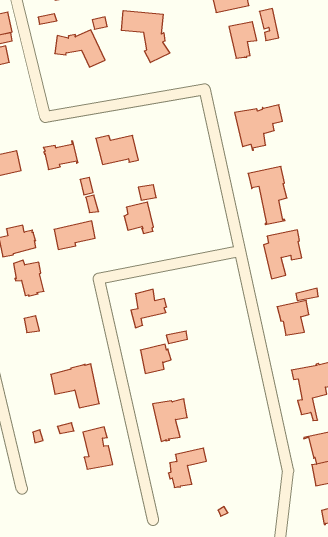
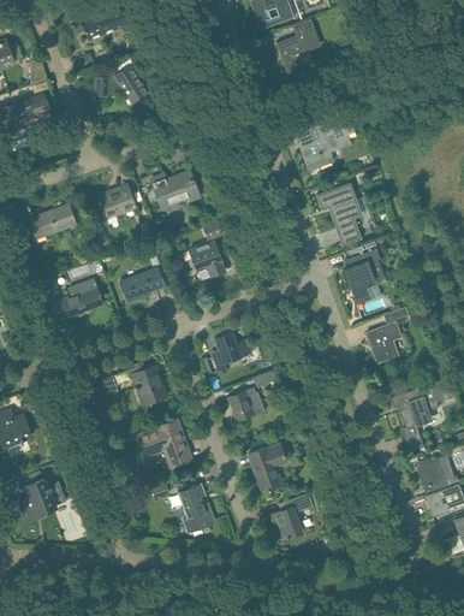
building: [121,11,170,63] -> none
building: [14,260,44,296] -> [130,365,166,402]

